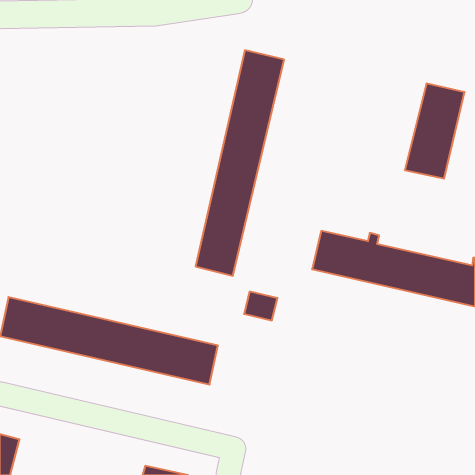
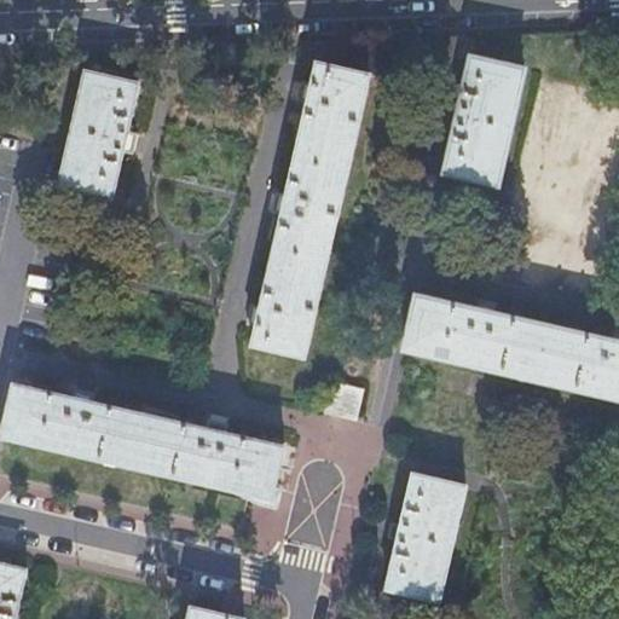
building: none -> [59,74,137,197]
building: [405,84,465,179] -> [445,60,522,184]
building: none -> [386,476,463,601]

